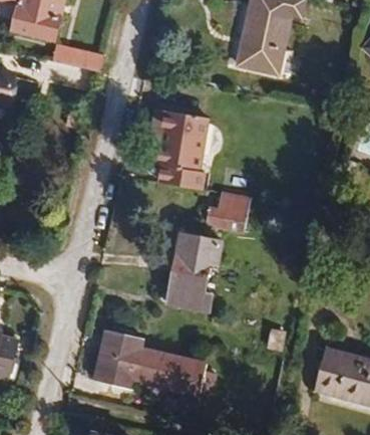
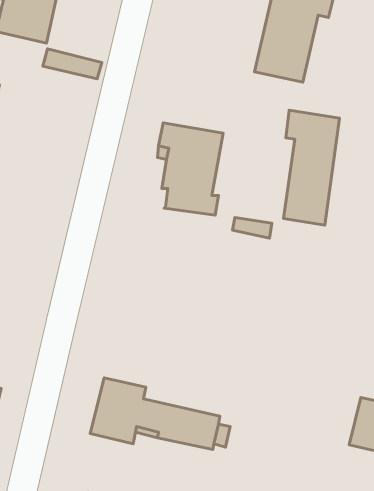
building: none -> [284,110,339,225]
building: [204,203,249,234] -> none
building: [166,235,222,312] -> none

